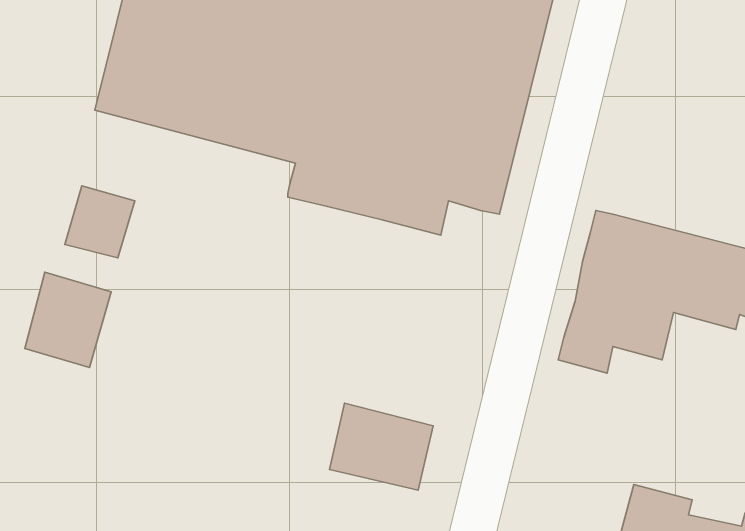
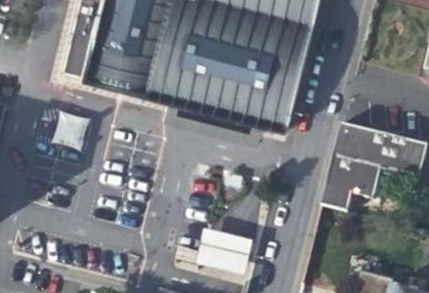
building: [25,272,111,367] -> none

